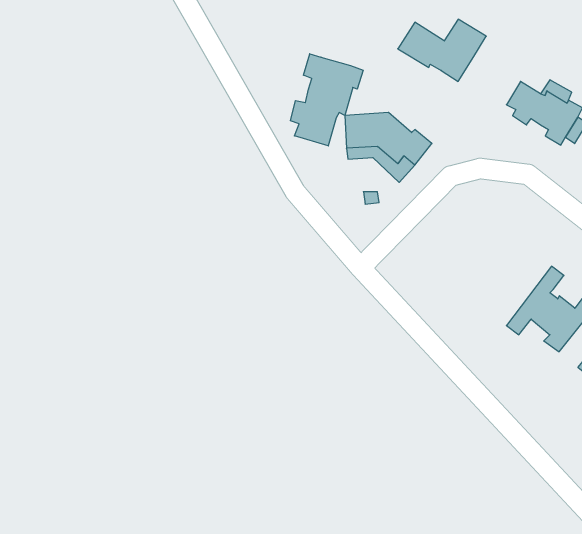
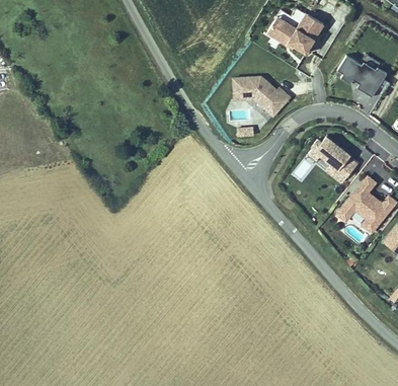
building: [291,54,363,146] -> none
building: none -> [307,135,359,183]

